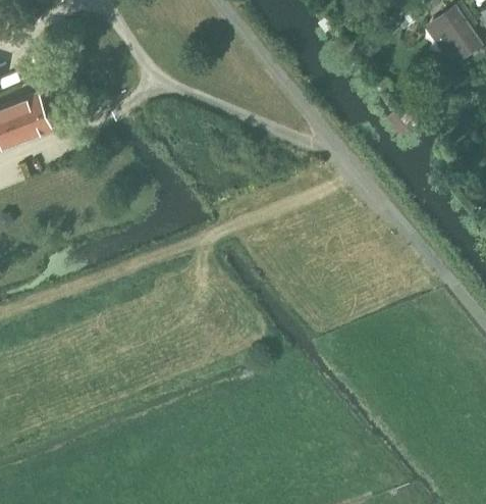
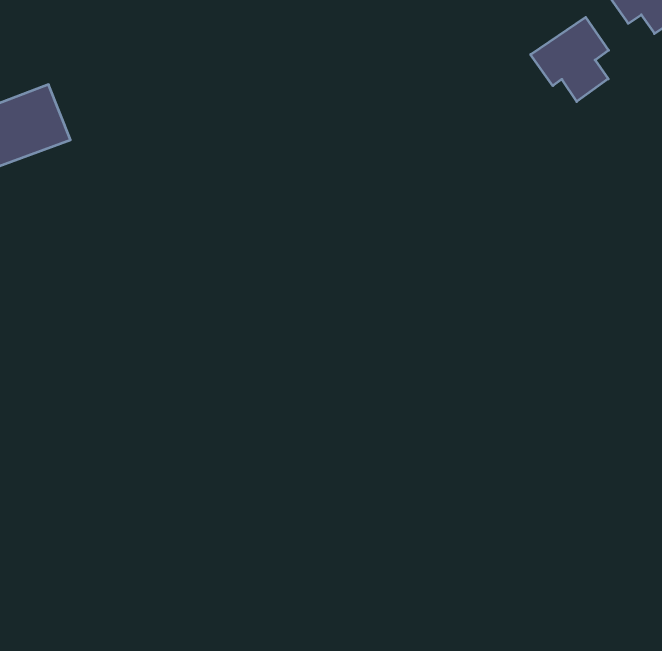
building: none -> [531,17,609,102]

